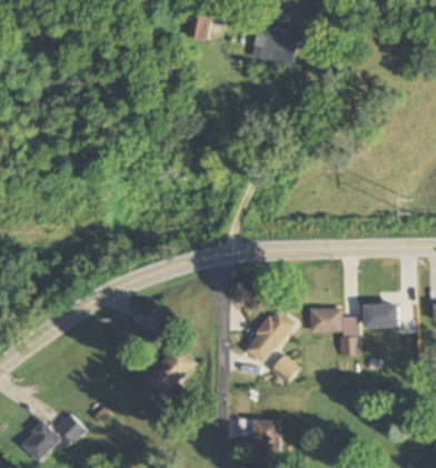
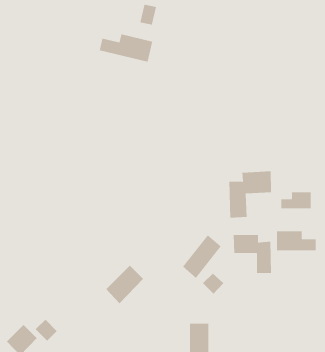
building: [254,23,301,64] -> none
building: none -> [99,33,153,63]
building: none -> [229,171,272,218]
building: none -> [281,192,311,209]

